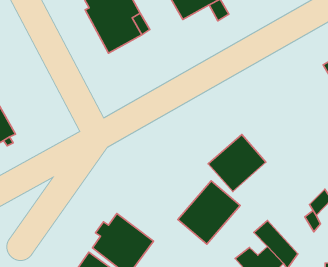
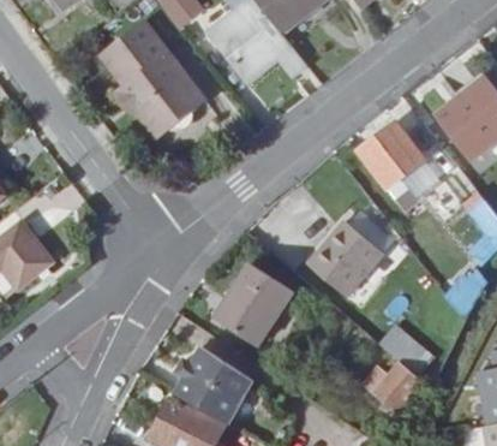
building: none -> [358,123,425,212]
building: [178,181,240,244] -> [214,263,292,346]

